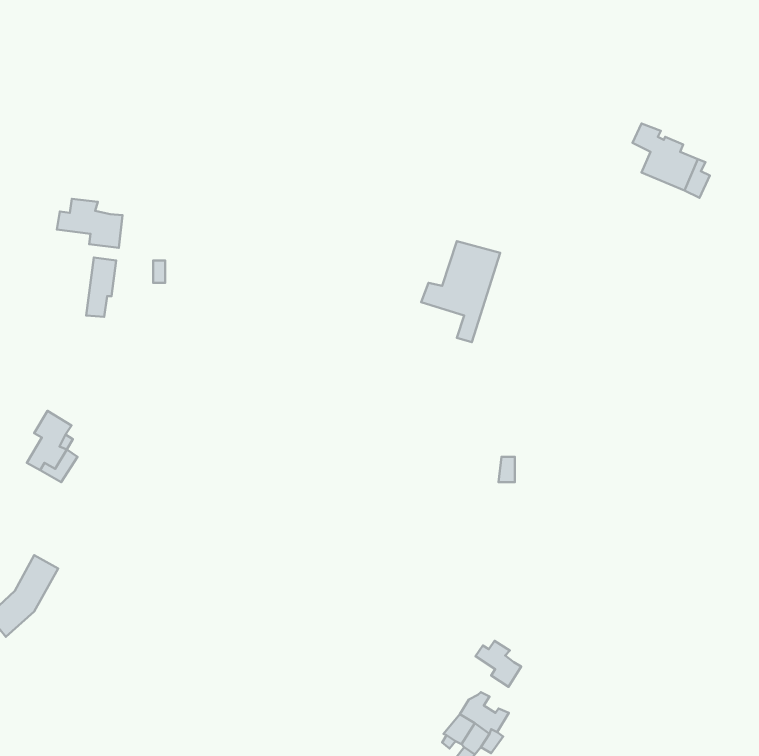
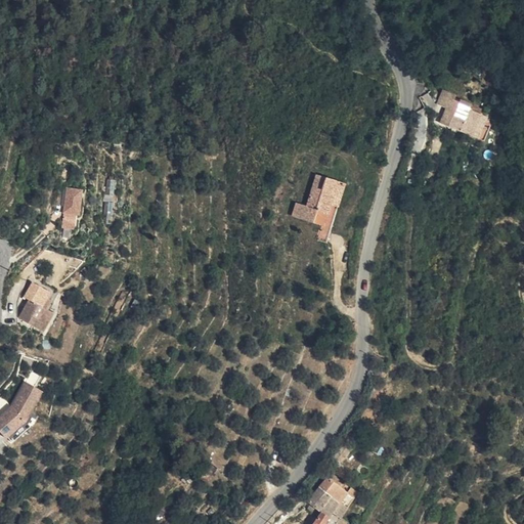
building: [57,199,123,248] -> none
building: [476,641,521,687] -> none

